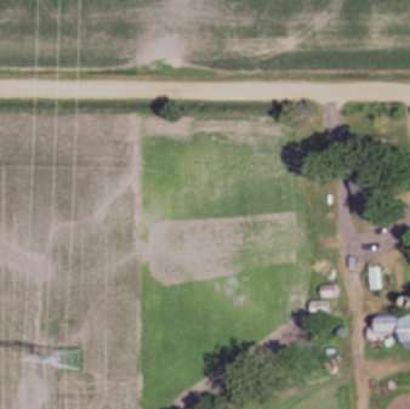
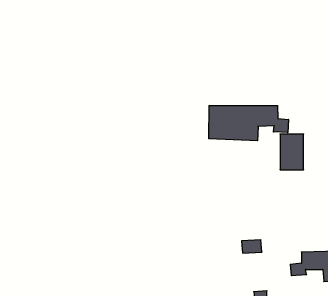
building: none -> [209,106,288,141]

